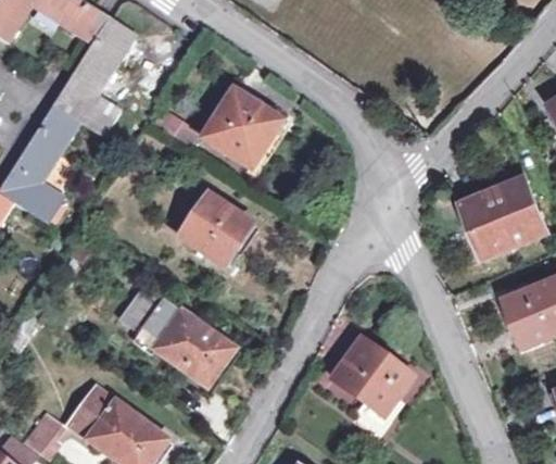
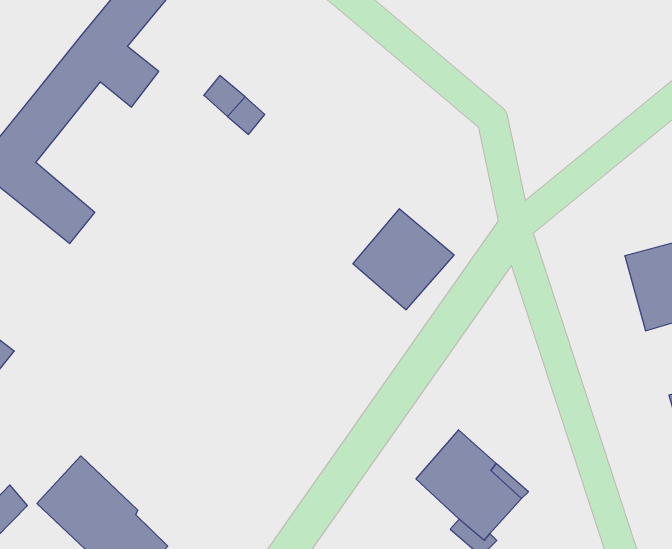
building: [203,90,280,166] -> none
building: [180,195,251,265] -> [353,209,454,310]
building: [126,299,231,386] -> none

